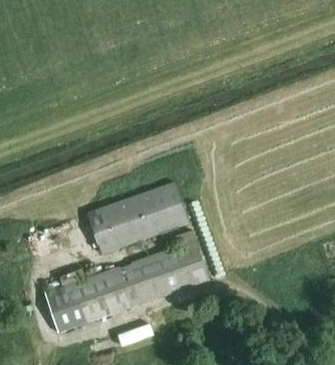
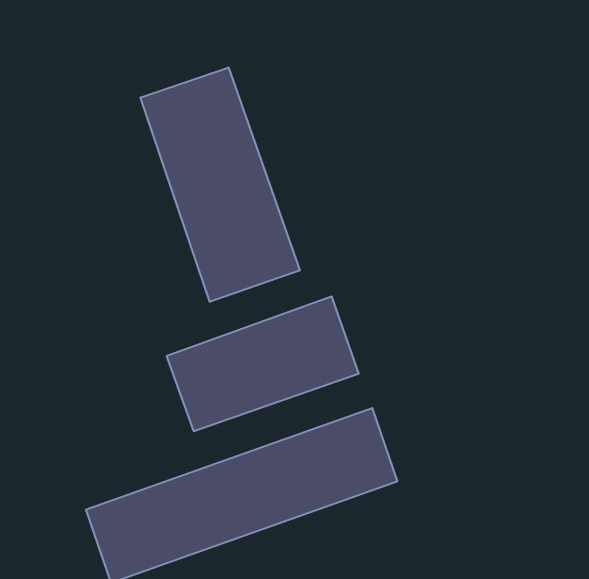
building: none -> [140,67,300,302]

